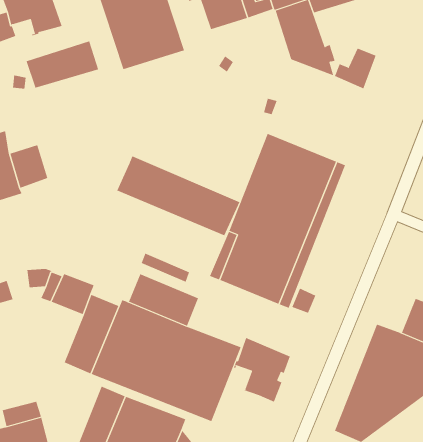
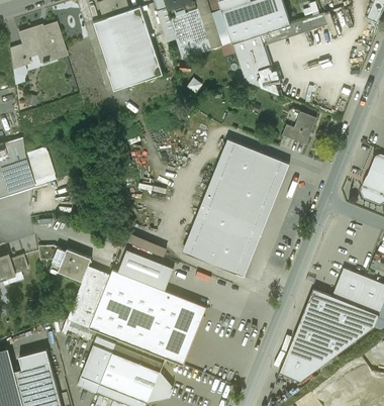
building: [26,40,99,89] -> none
building: [334,48,377,89] -> [282,112,315,144]
building: [116,155,240,236] -> none
building: [233,337,290,403] -> none

